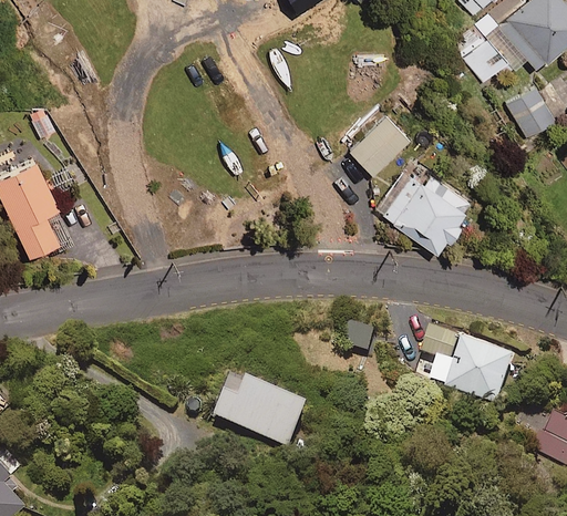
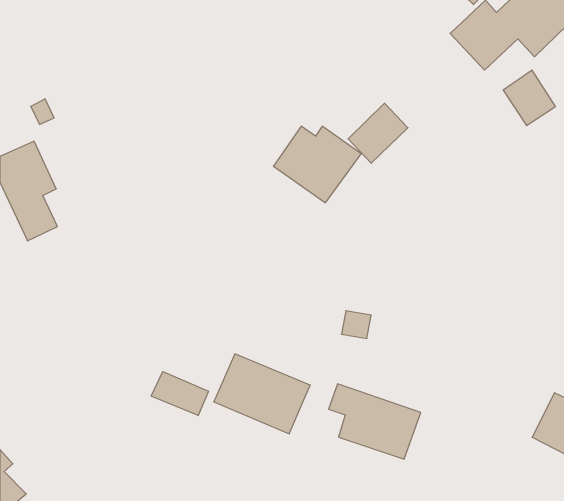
building: [381,176,468,252] -> [273,126,361,203]
building: [421,327,513,402] -> [329,384,421,459]
building: none -> [151,372,208,416]

